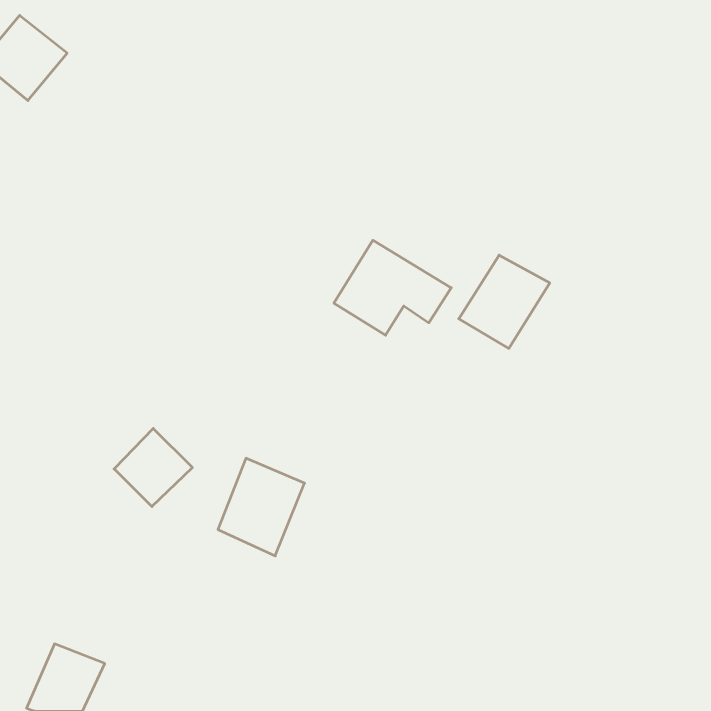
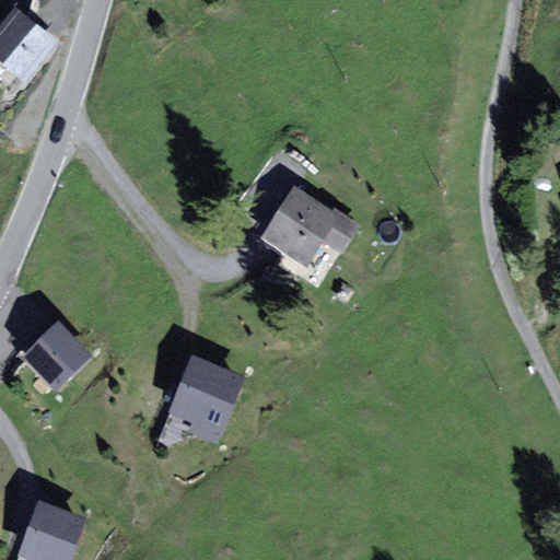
building: [459,255,550,348] -> none
building: [114,428,192,507] -> [26,325,88,386]

